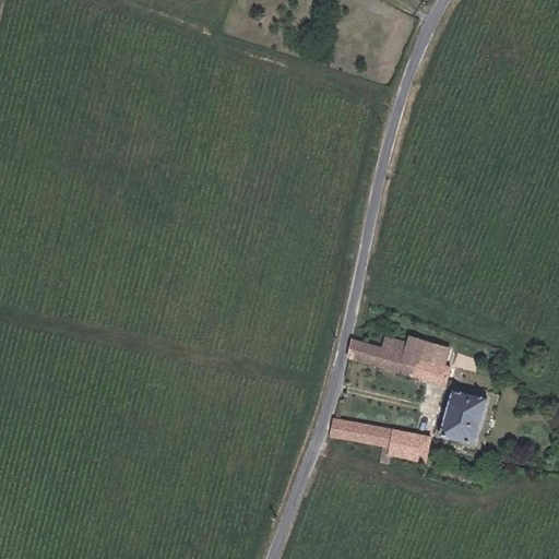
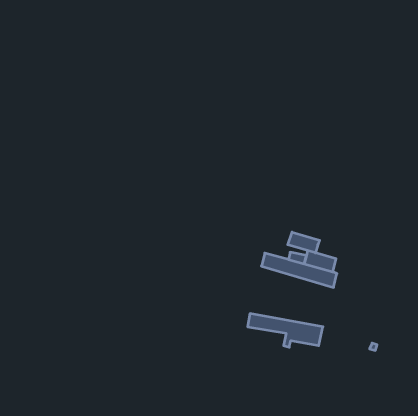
building: none -> [288,232,320,253]
building: [441,389,487,443] -> none

